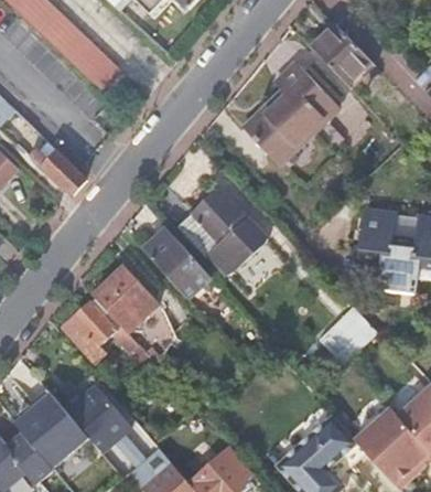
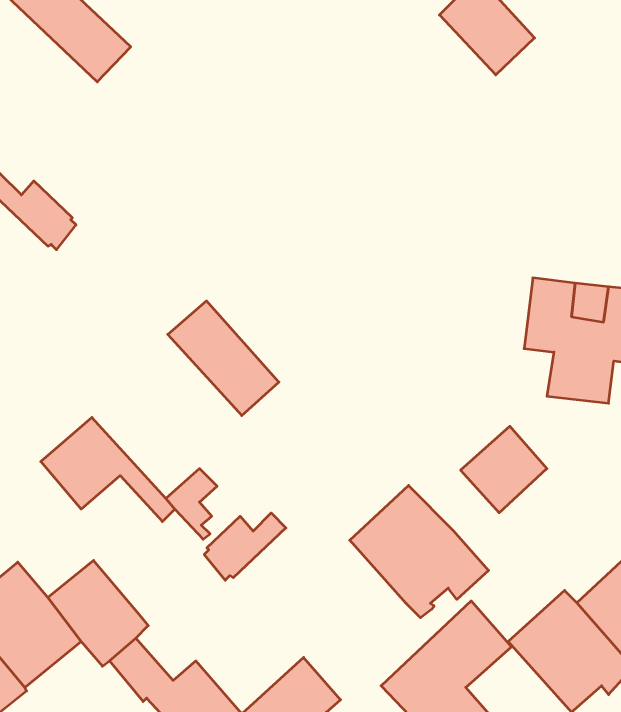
building: [243,61,340,167] -> none
building: [180,188,267,276] -> none
building: [93,266,158,331] -> none
building: none -> [350,485,489,618]
building: none -> [204,513,286,580]

